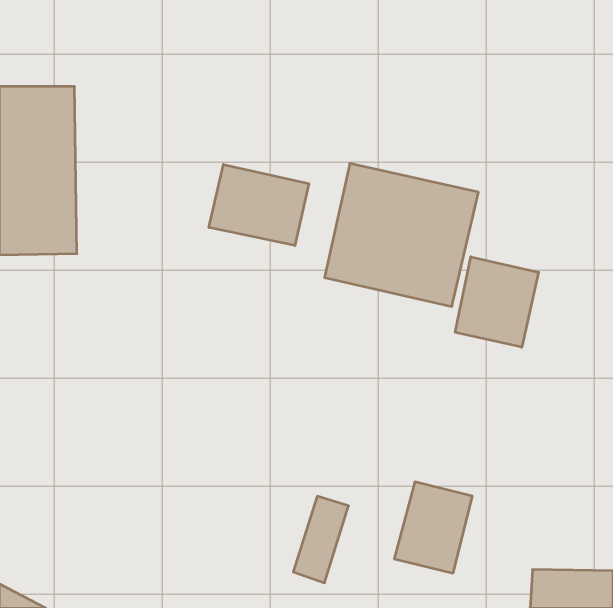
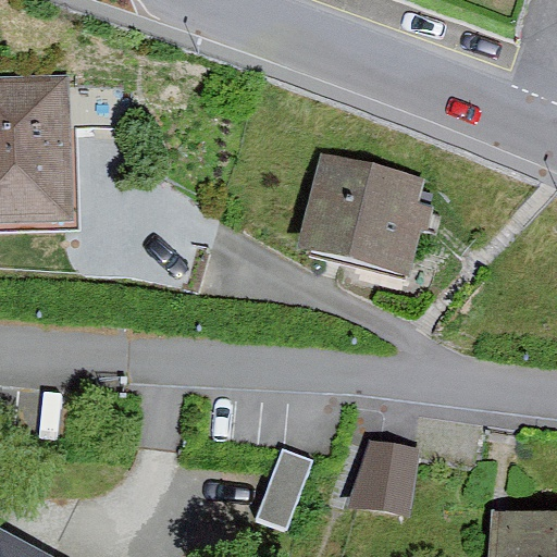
building: [209,164,309,246] -> none
building: [455,257,539,347] -> none

